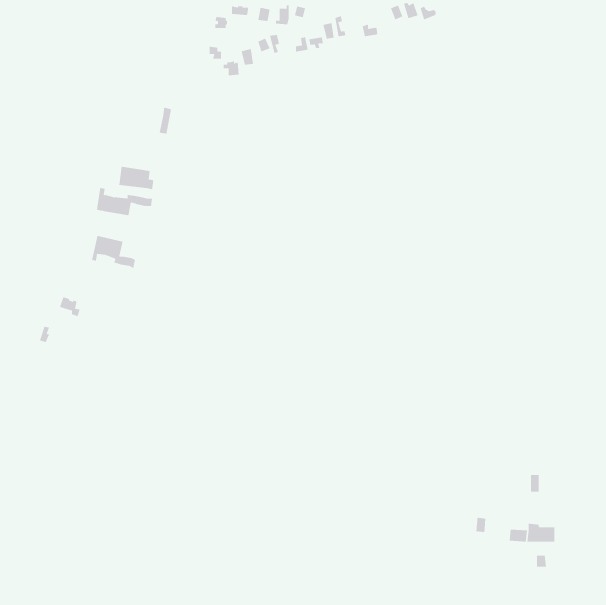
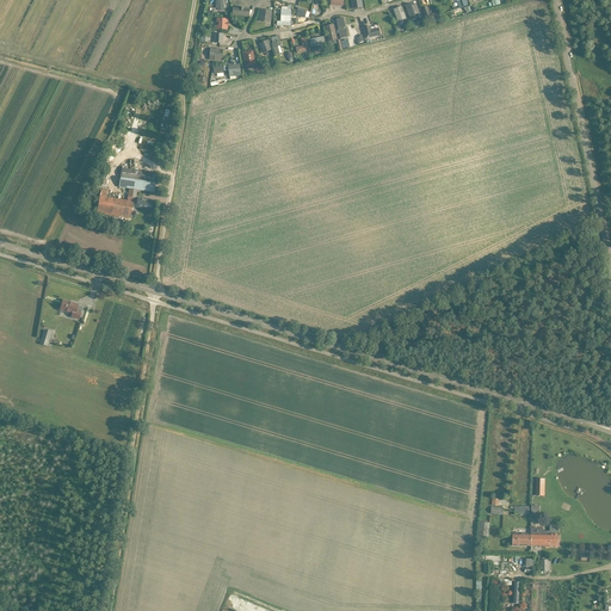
building: [91,235,136,269] -> none

